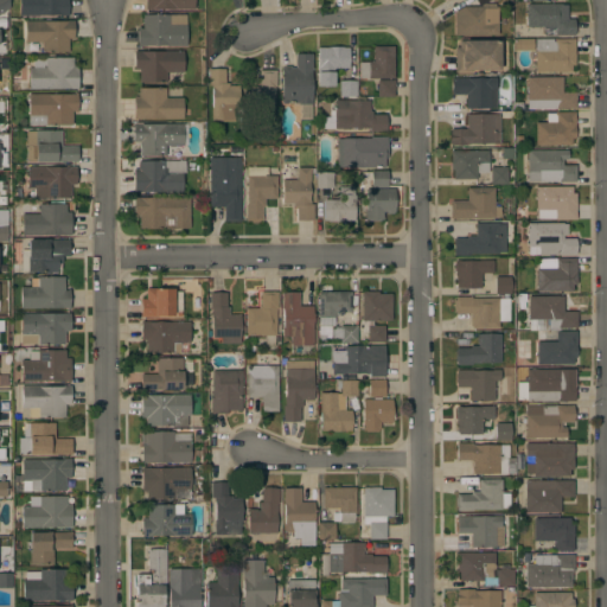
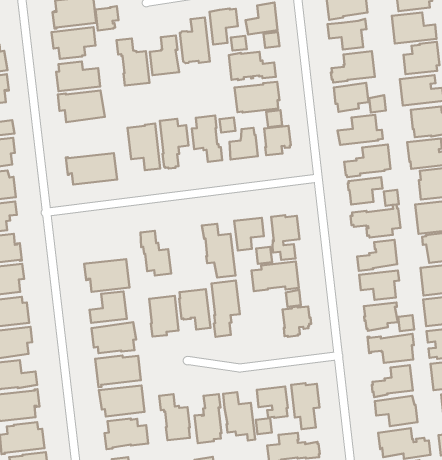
building: none -> [96,6,118,30]
building: [135,161,187,193] -> none
building: [141,288,175,318] -> none
building: [248,292,280,346] -> none
building: [321,381,359,433] -> none

